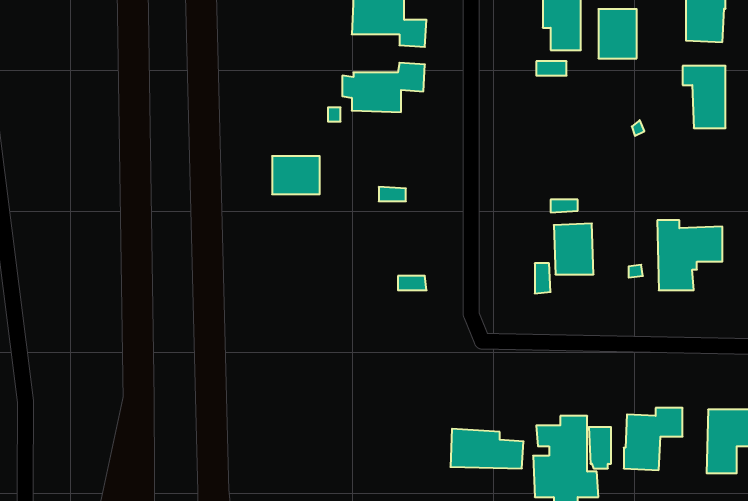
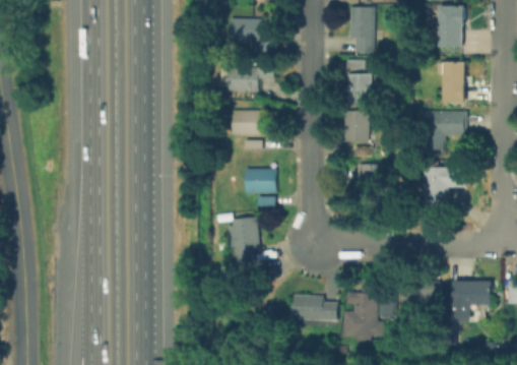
building: [598,9,637,58] -> [346,73,371,105]
building: none -> [344,111,369,142]
building: none -> [426,112,466,149]
building: [272,156,320,194] -> [234,110,264,134]
building: none -> [245,168,275,192]
building: none -> [227,217,260,264]

